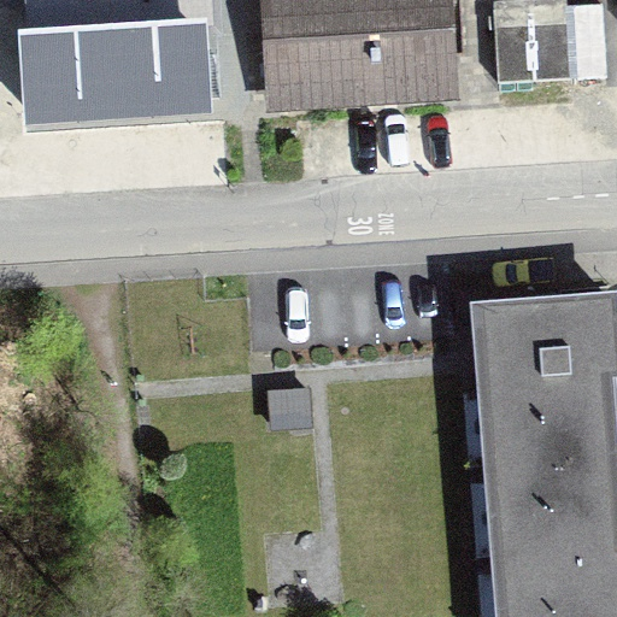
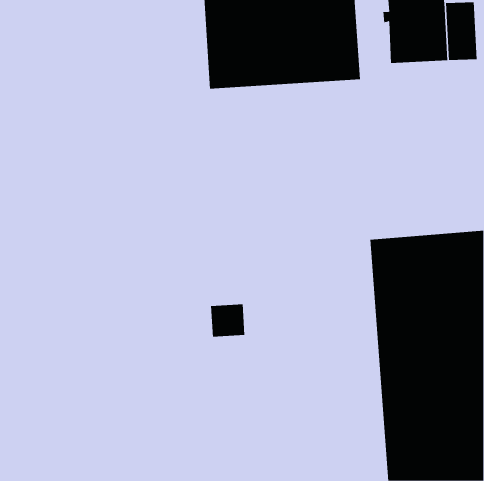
building: [22,22,210,128] -> none

